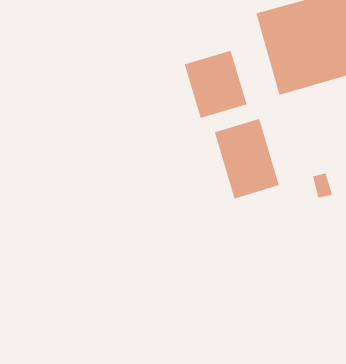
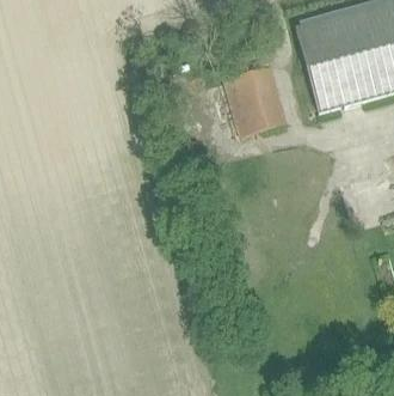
building: [214,118,280,199] -> none

